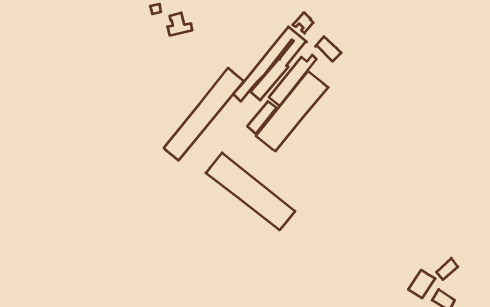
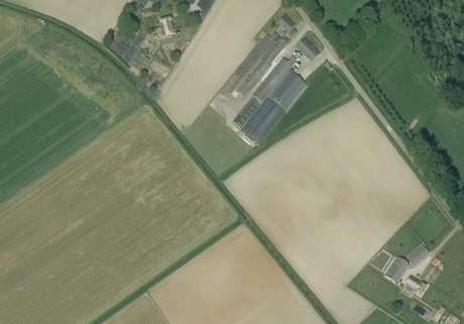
building: [164,68,244,160] -> none
building: [206,153,295,230] -> none

